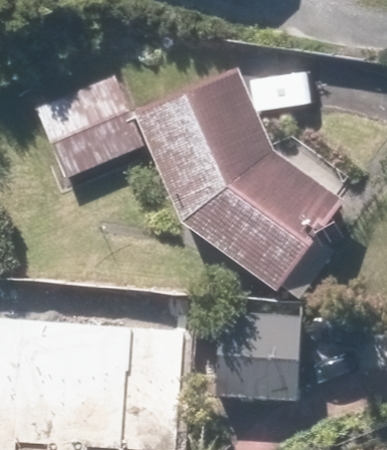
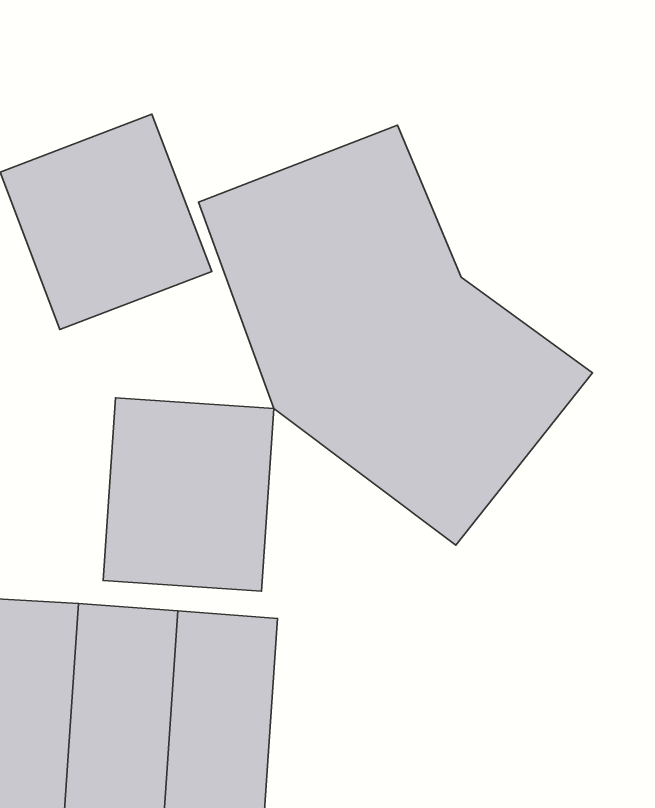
building: none -> [103,398,274,591]
building: [211,309,305,402] -> none

